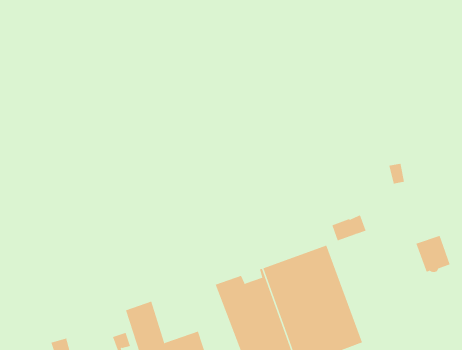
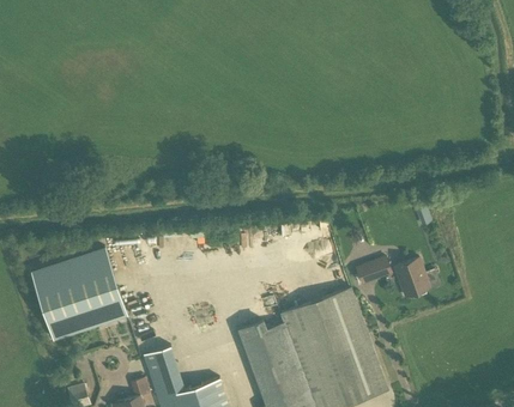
building: none -> [31,248,127,340]
building: [416,235,451,272] -> [394,260,430,298]

